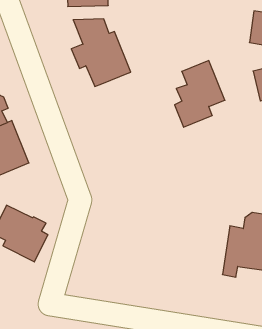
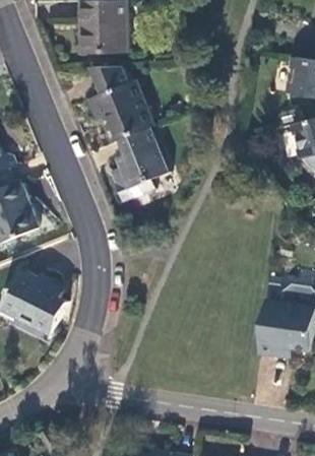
building: [175,61,225,127] -> [113,126,170,201]

